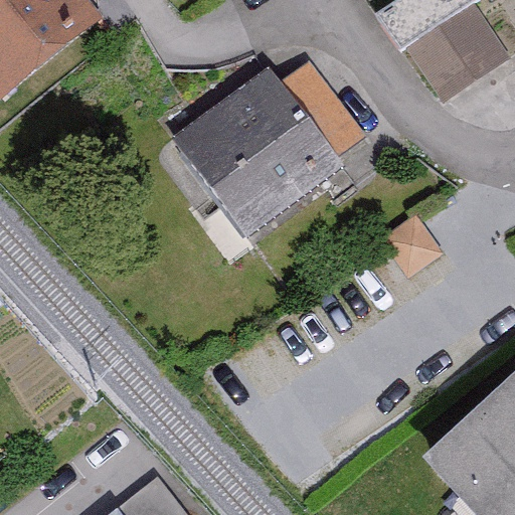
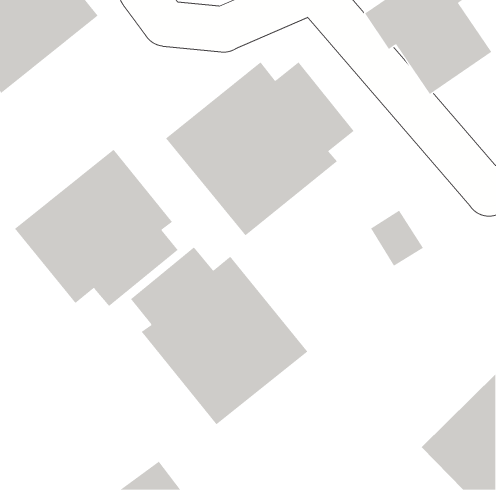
building: none -> [14,149,179,307]
building: none -> [130,247,308,425]

